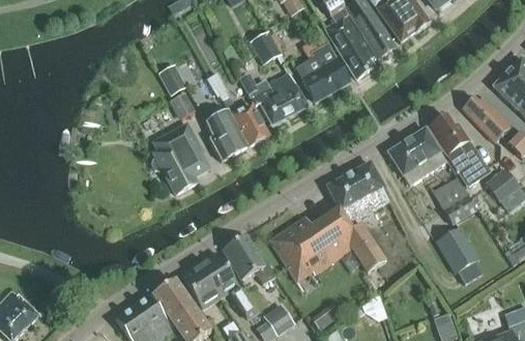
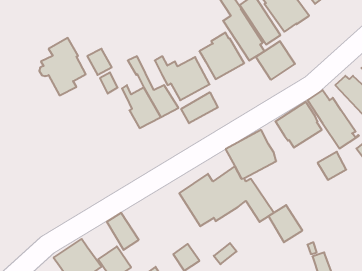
building: [249,29,282,64] -> none
building: none -> [256,41,295,80]
building: none -> [181,92,218,123]
building: [152,122,209,193] -> [39,38,86,95]
building: [438,227,479,273] -> [269,205,302,242]
building: [224,233,275,284] -> none
building: [199,251,259,317] -> none
building: [152,279,194,320] -> none

